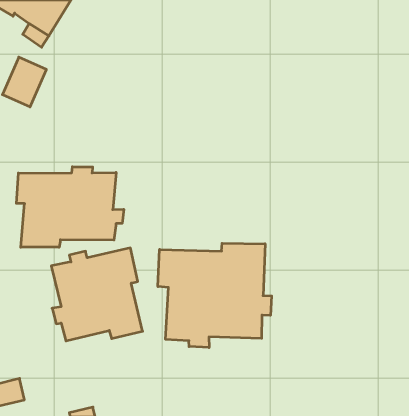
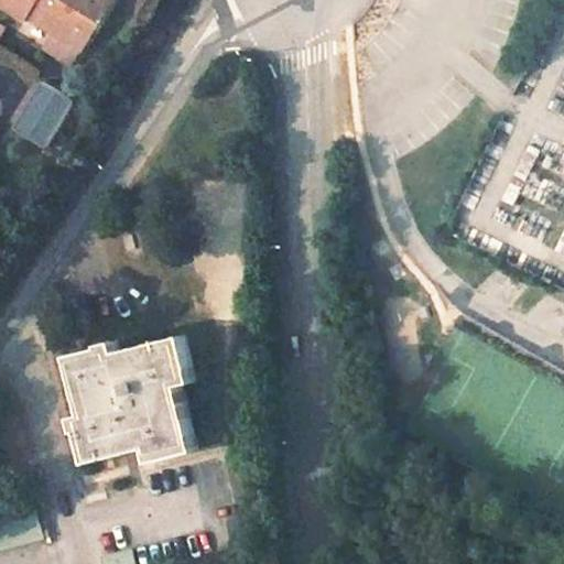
building: [16,167,124,247] -> none
building: [158,243,272,348] -> none

